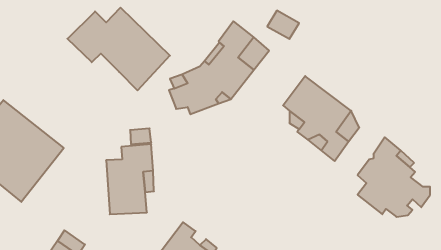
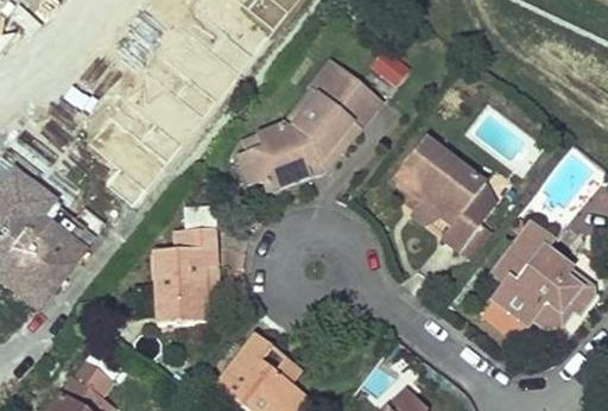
building: [67,8,170,90] -> none

